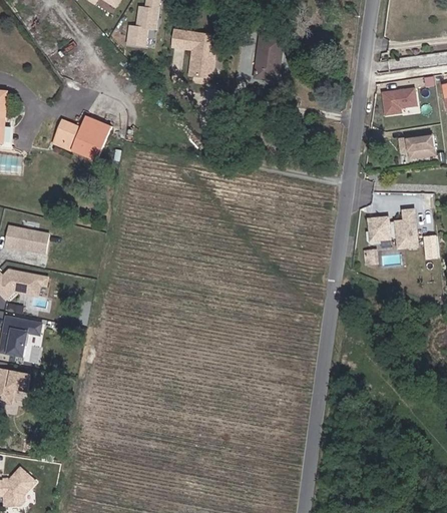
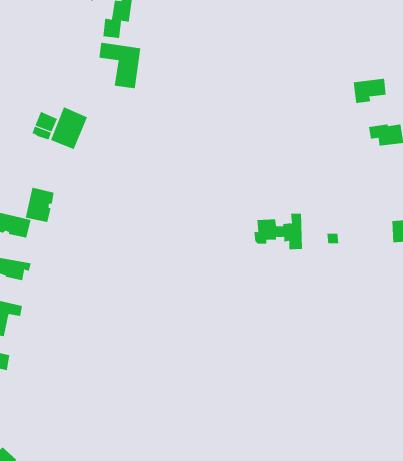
building: [170,29,214,77] -> [98,42,141,89]
building: [254,36,281,81] -> none
building: none -> [25,187,54,223]
building: [361,209,412,247] -> [253,213,303,250]

